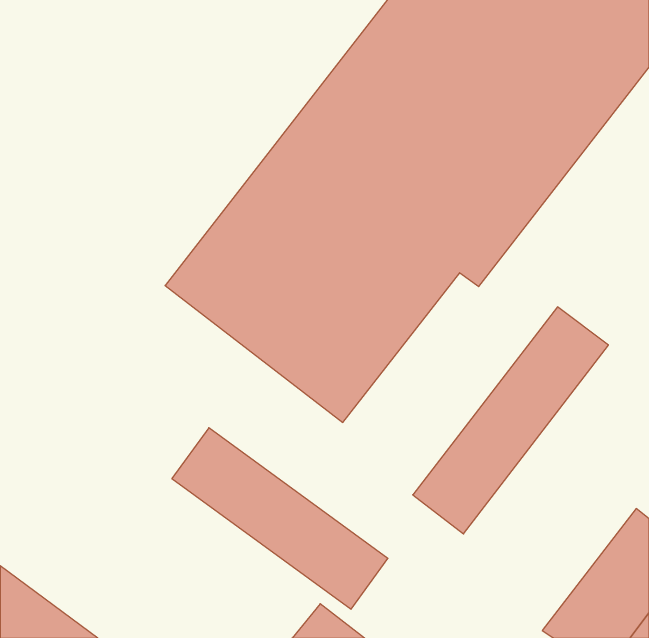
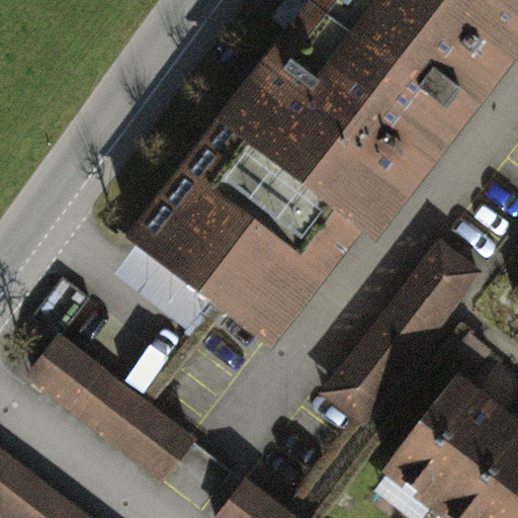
building: [172,428,388,609] -> [31,345,203,490]
building: none -> [382,366,507,503]

